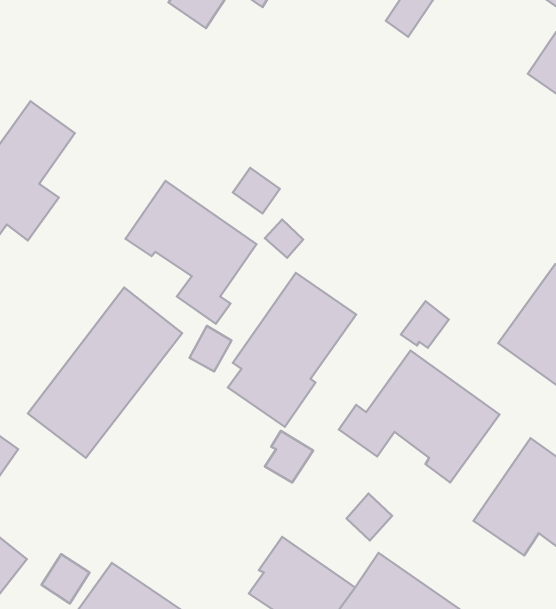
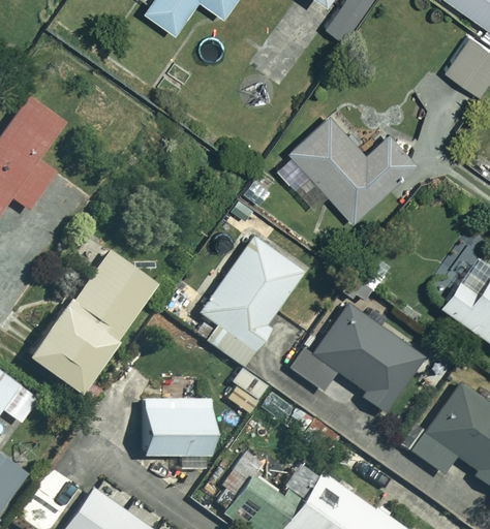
building: none -> [278,116,418,223]
building: [126,181,257,324] -> none
building: none -> [144,398,214,468]

